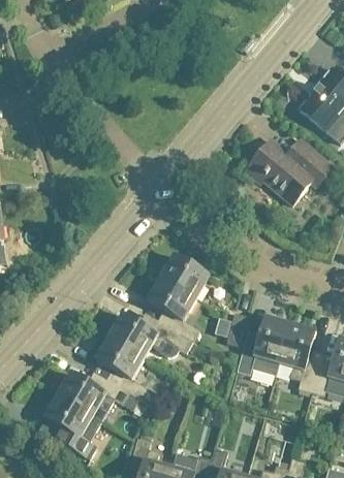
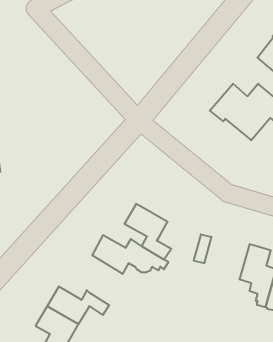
building: [160,254,210,297] -> none
building: [236,316,290,375] -> none
building: [96,336,161,408] -> none

